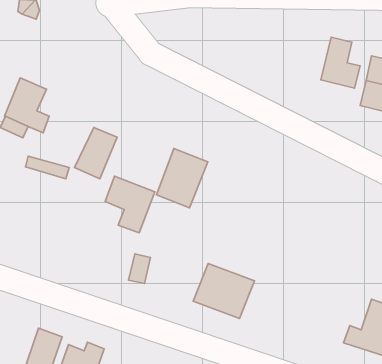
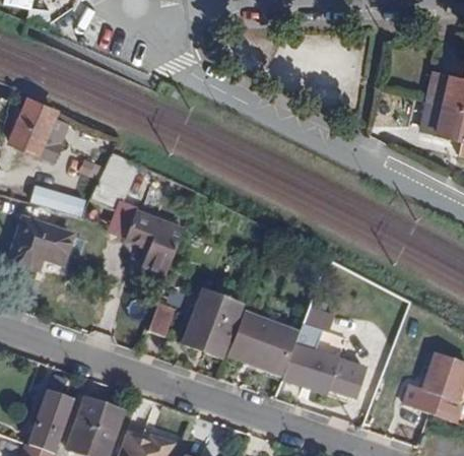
building: [321,37,360,88] -> none
building: [156,149,208,208] -> [178,292,238,362]
building: none -> [8,215,73,266]
building: none -> [279,322,366,398]

